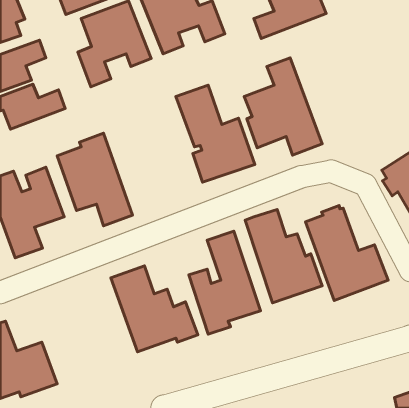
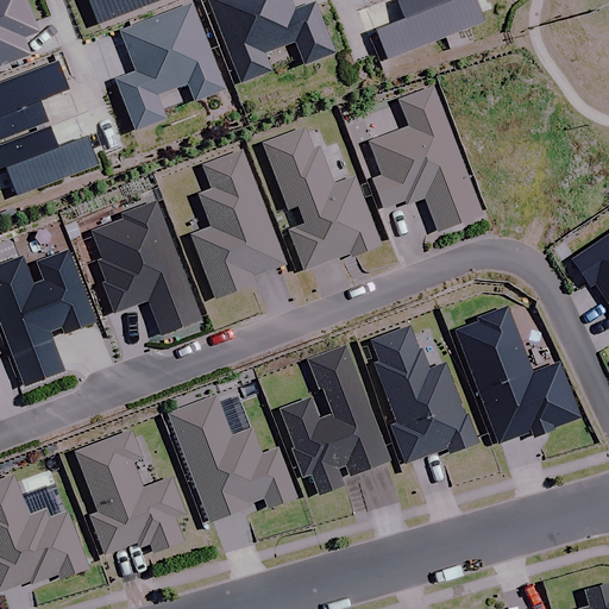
building: none -> [192,149,284,297]
building: none -> [74,429,190,554]

